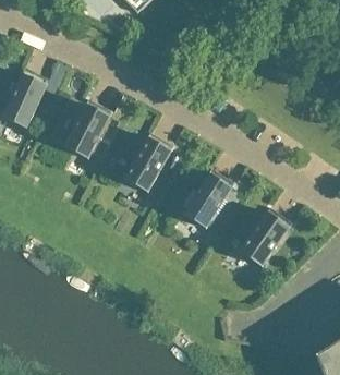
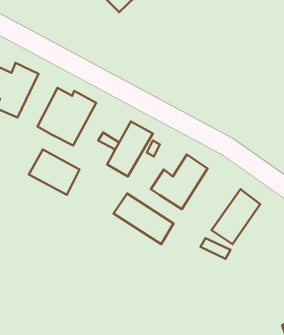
building: none -> [29,150,80,195]
building: none -> [114,194,173,244]

